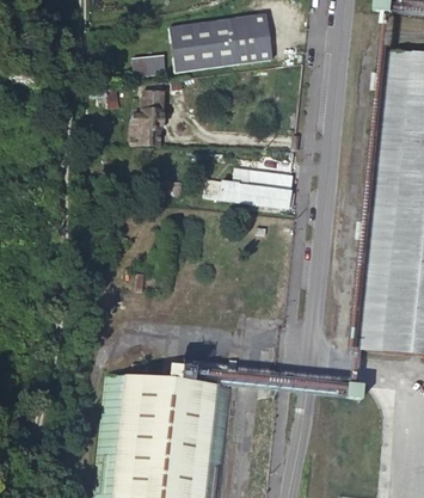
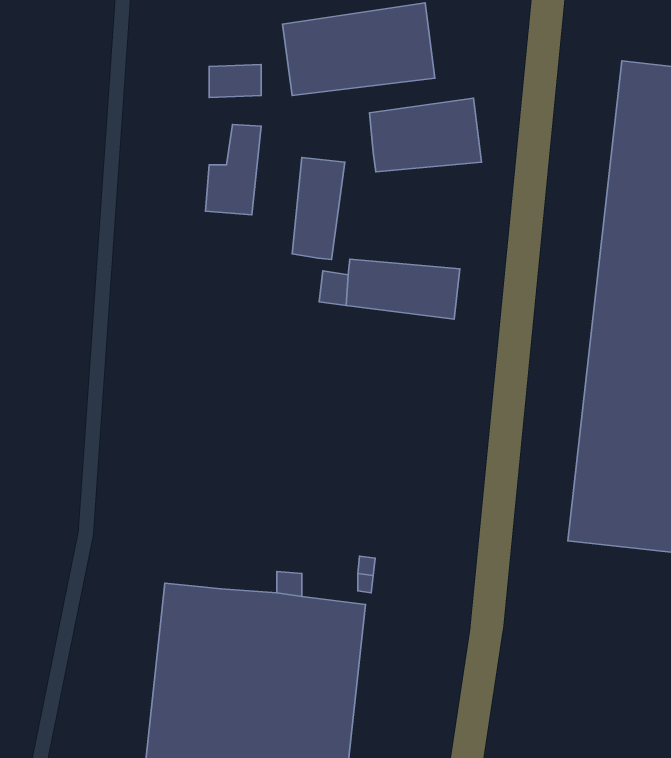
building: none -> [370,98,482,172]
building: none -> [292,157,345,260]

